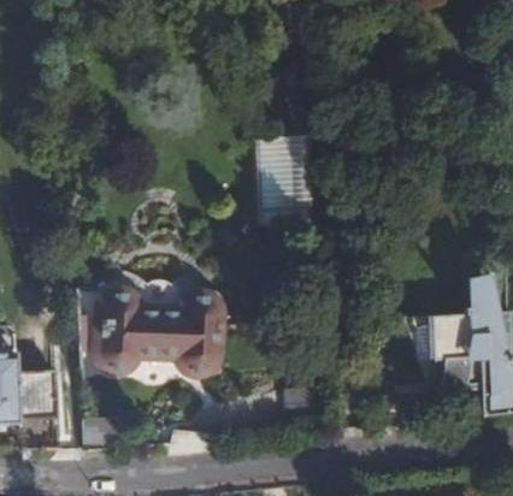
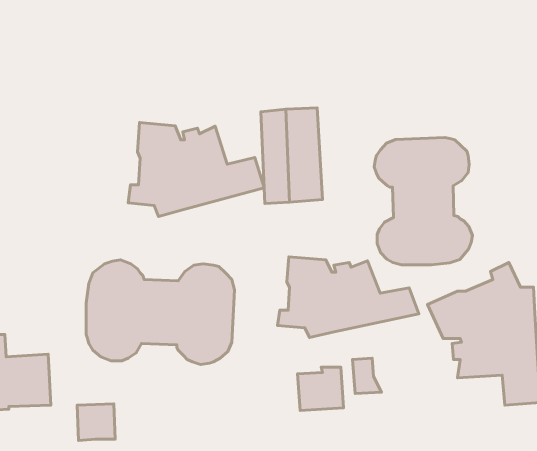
building: none -> [128,123,264,216]
building: none -> [374,137,472,265]
building: none -> [278,257,419,337]

